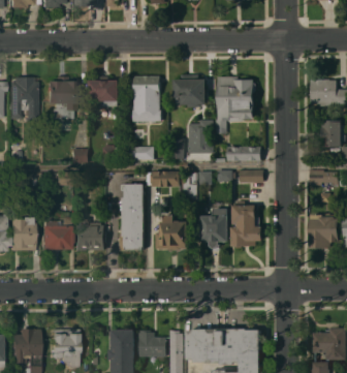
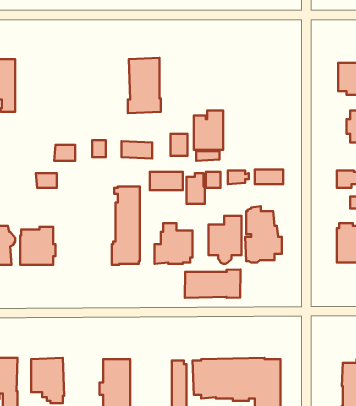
building: [174,74,206,107] -> none
building: [46,75,76,119] -> none
building: [89,75,119,106] -> none
building: [216,76,255,133] -> none
building: [227,147,260,161] -> none
building: [74,219,104,250] -> none
building: none -> [185,269,240,298]
building: [138,331,165,356] -> none

